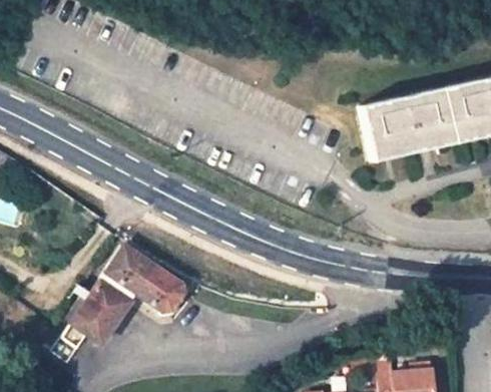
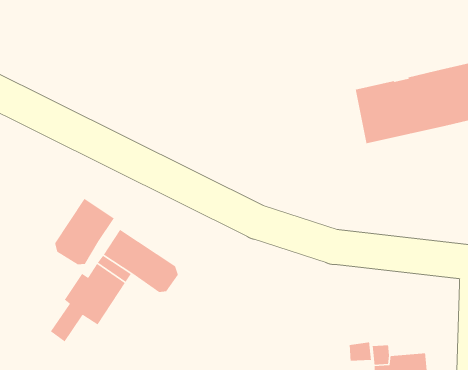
building: none -> [54,198,115,265]

